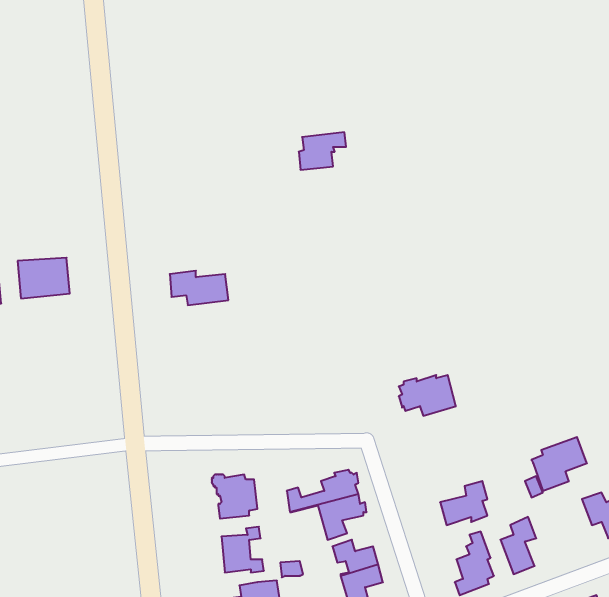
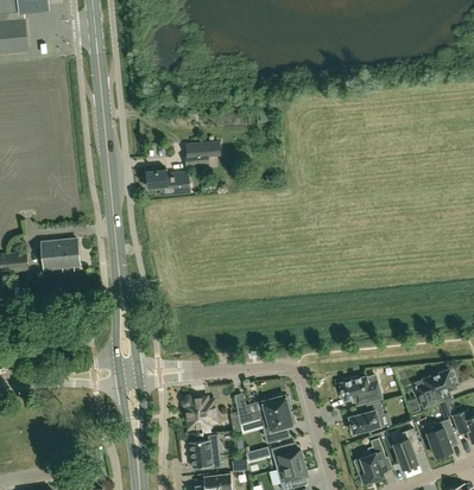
building: [299,132,346,170] -> [184,140,219,167]
building: [170,271,228,305] -> [146,170,189,195]
building: [399,375,456,416] -> [339,375,380,405]
building: none -> [426,419,453,457]

